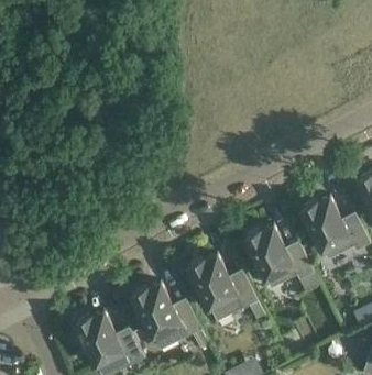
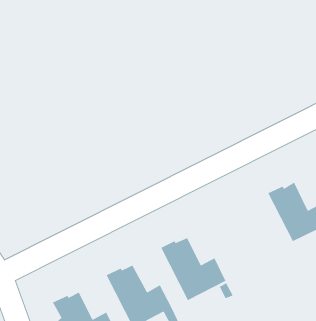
building: [245,225,315,288] -> none

